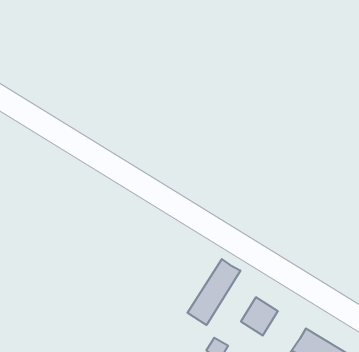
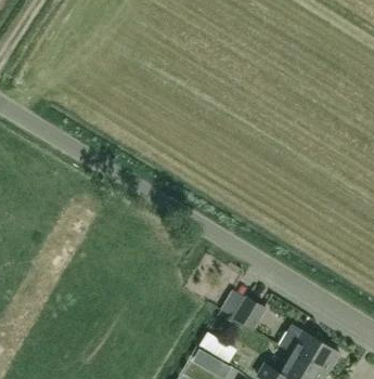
building: [187,259,240,325] -> none

